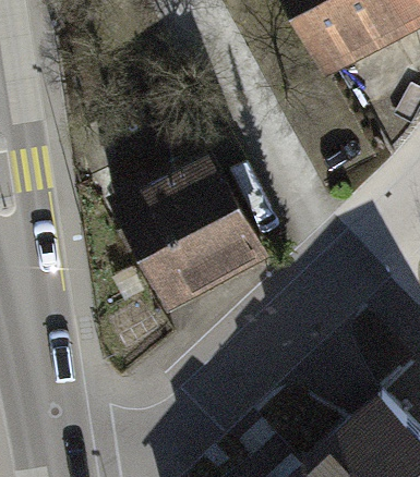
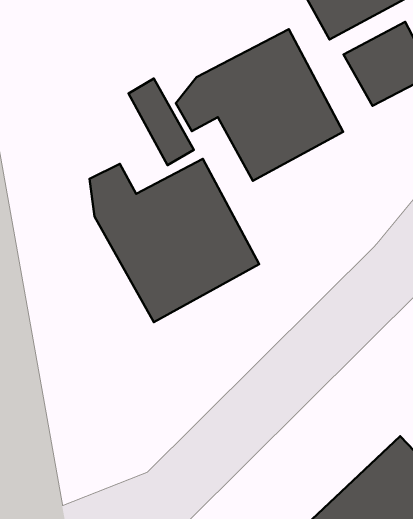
building: none -> [176,29,343,181]

